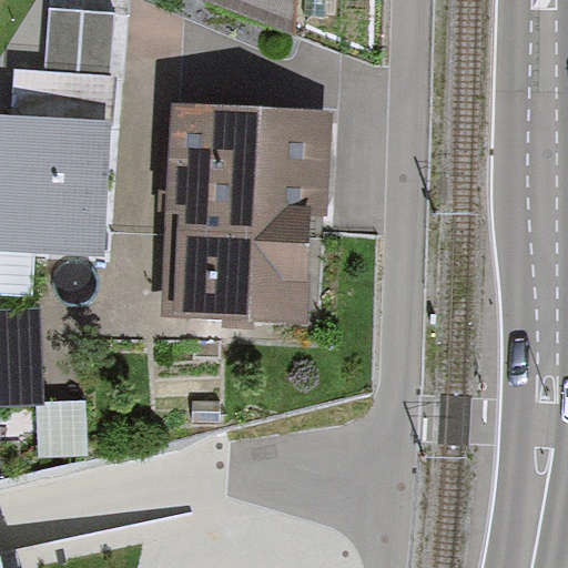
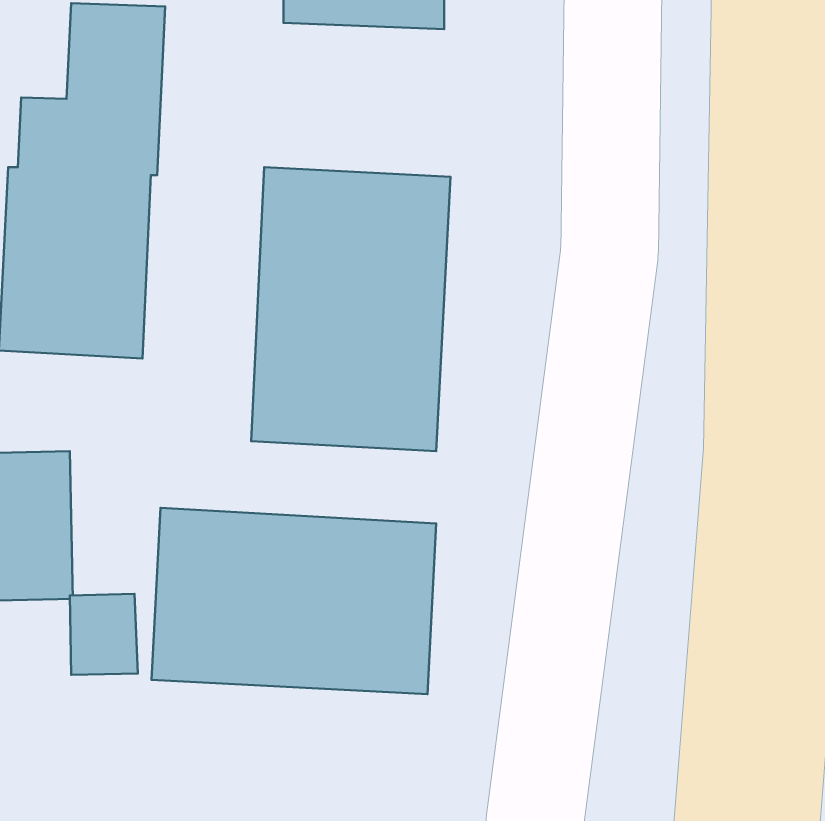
building: none -> [151,508,436,694]

